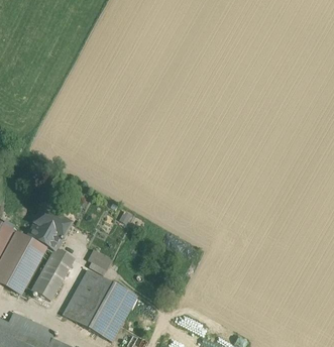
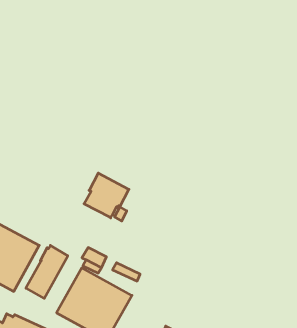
building: [27,206,72,250] -> [84,173,129,218]

